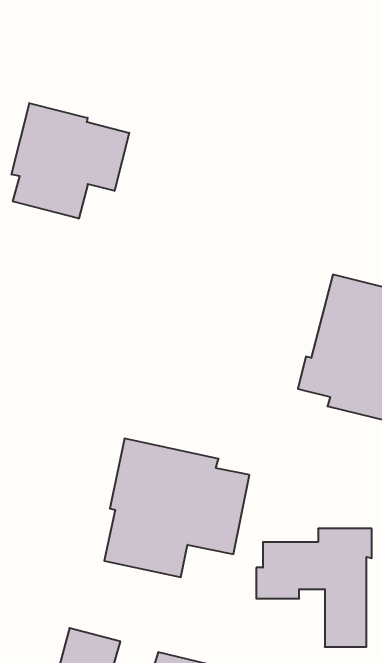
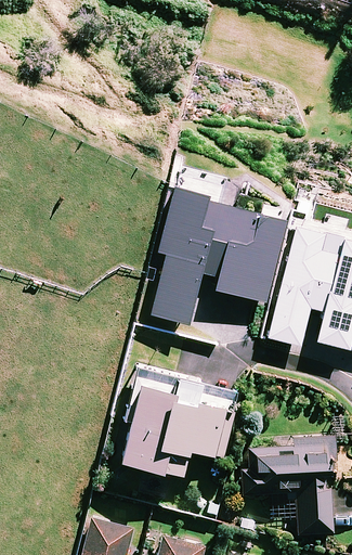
building: [12,103,129,219] -> none
building: none -> [152,167,287,324]

